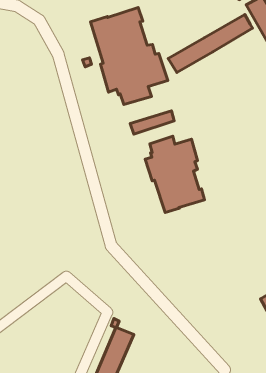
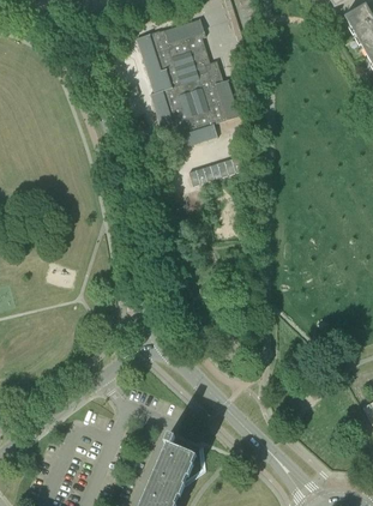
building: [168,14,253,73] -> none
building: [145,136,205,213] -> none

